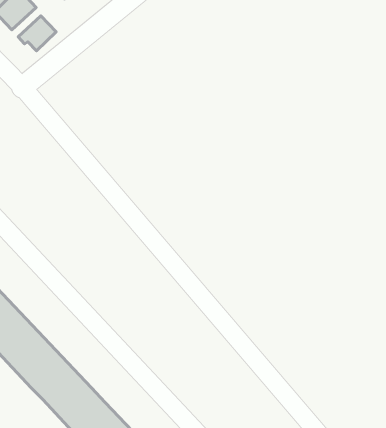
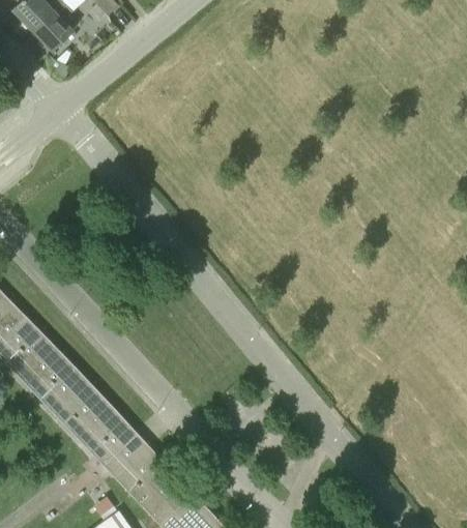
building: [18,16,56,51] -> none

